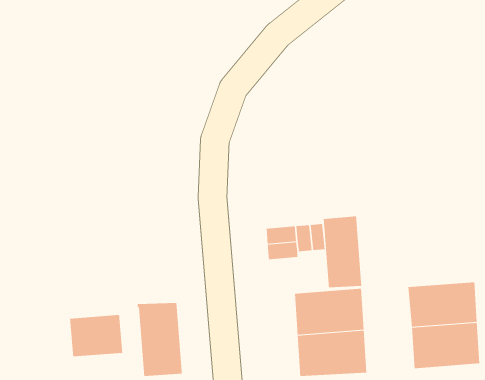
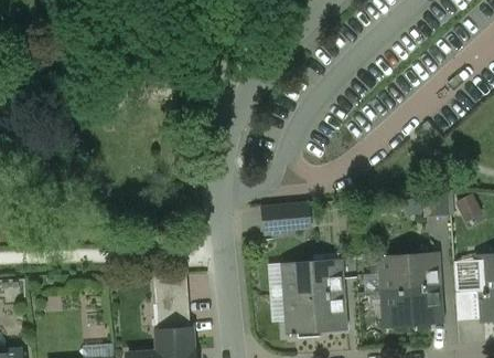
building: [323,216,362,288] -> none
building: [70,314,123,357] -> none

